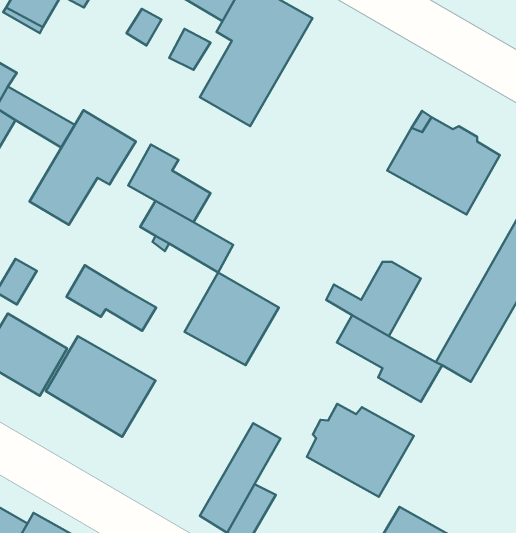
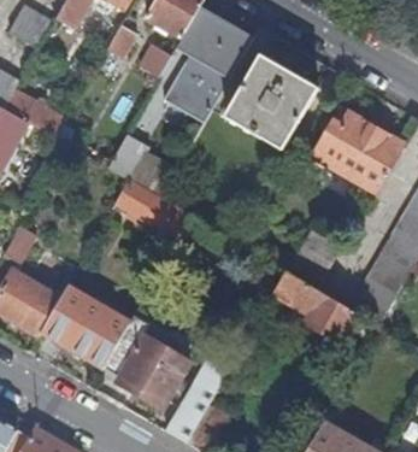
building: none -> [219,54,318,149]
building: [29,110,136,225] -> none
building: [67,265,156,331] -> none
building: [185,272,279,365] -> [118,334,193,407]
building: [307,404,414,497] -> none

